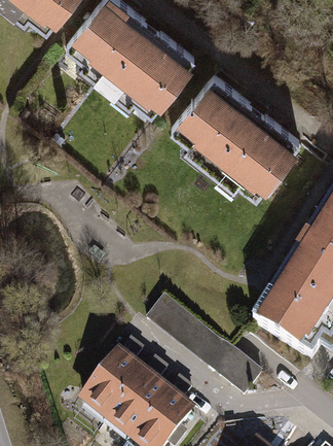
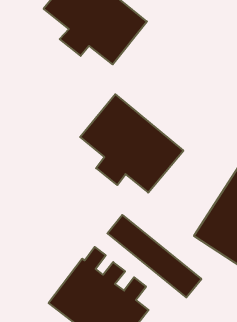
building: [173,70,299,191] -> [80,94,183,193]

